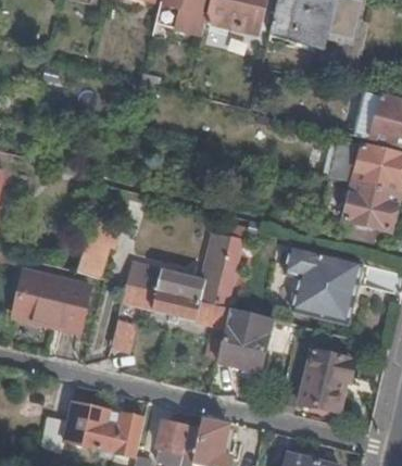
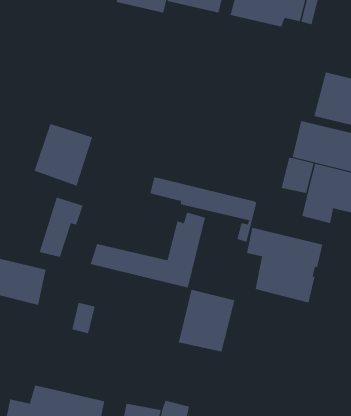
building: none -> [34,123,93,186]
building: [122,281,229,348] -> [150,176,257,242]
building: [301,350,350,410] -> none

